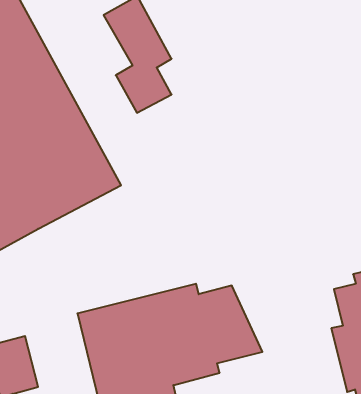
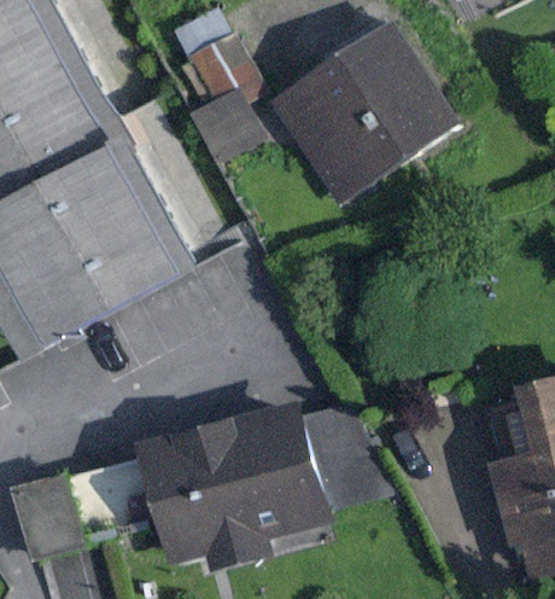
building: none -> [268,21,460,203]

